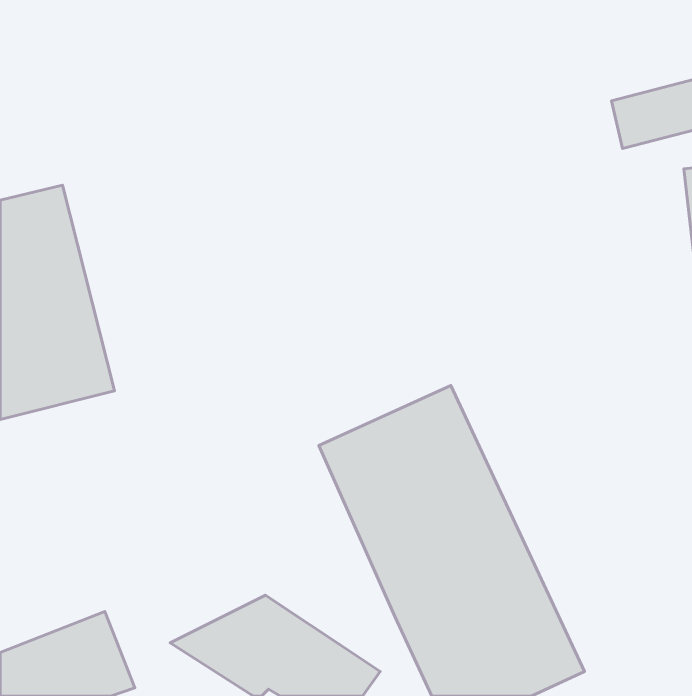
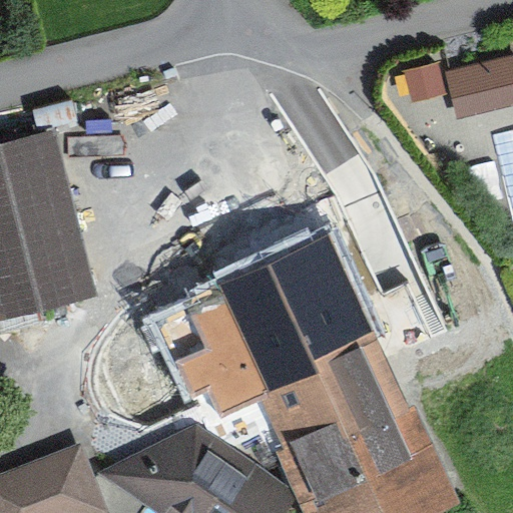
building: none -> [161,240,335,474]

